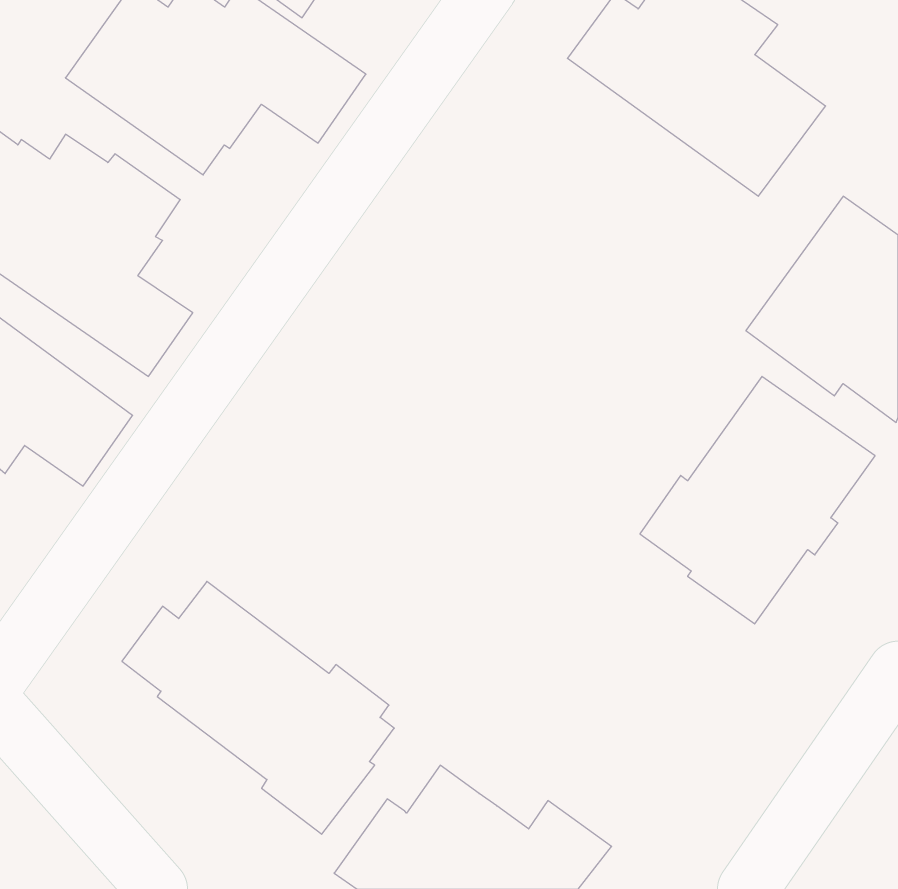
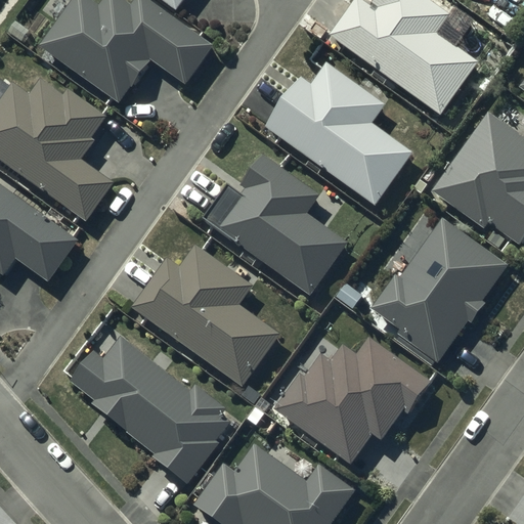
building: none -> [266,62,411,205]
building: none -> [202,154,347,295]
building: none -> [131,244,278,386]
building: none -> [272,338,430,465]

